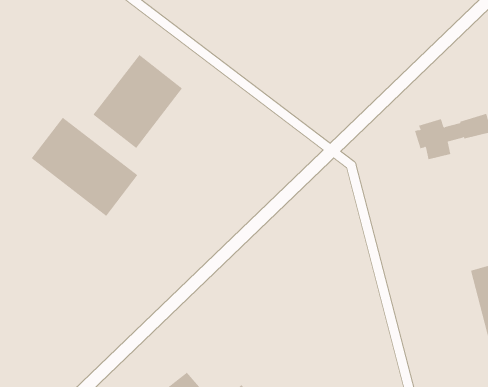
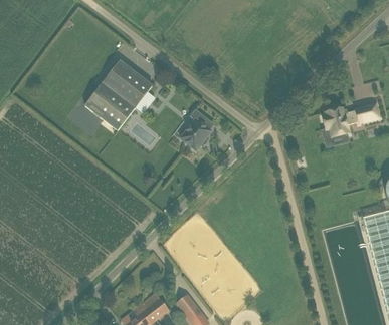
building: [31,117,138,217] -> none
building: none -> [180,108,211,149]

